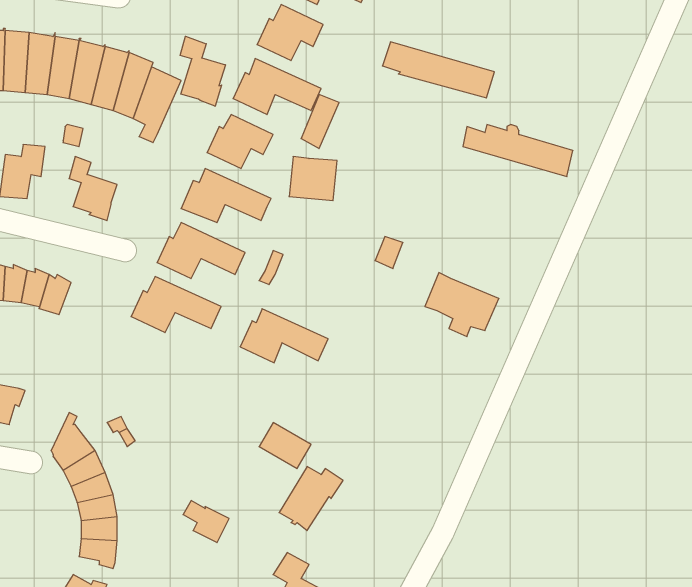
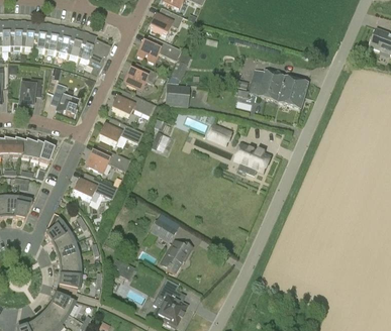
building: [180,36,225,106] -> none
building: [382,42,494,98] -> [249,79,305,107]
building: [240,309,328,363] -> [73,173,117,200]

